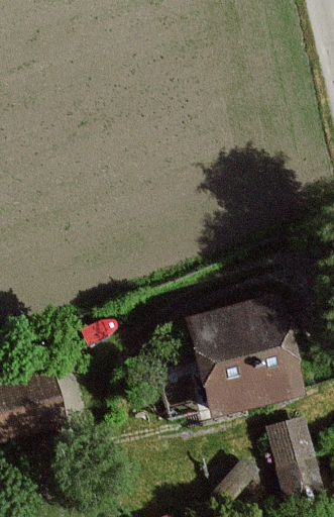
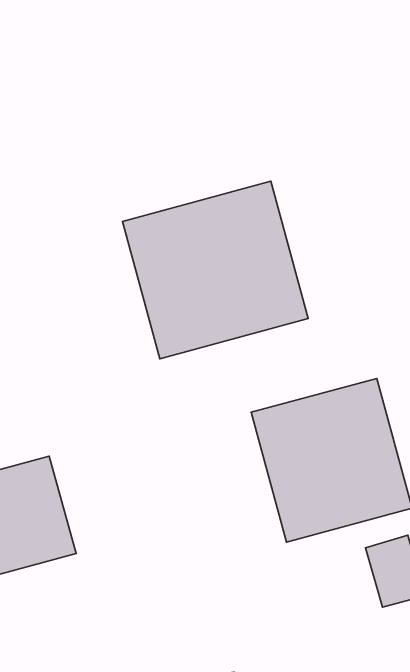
building: none -> [122,181,308,359]

